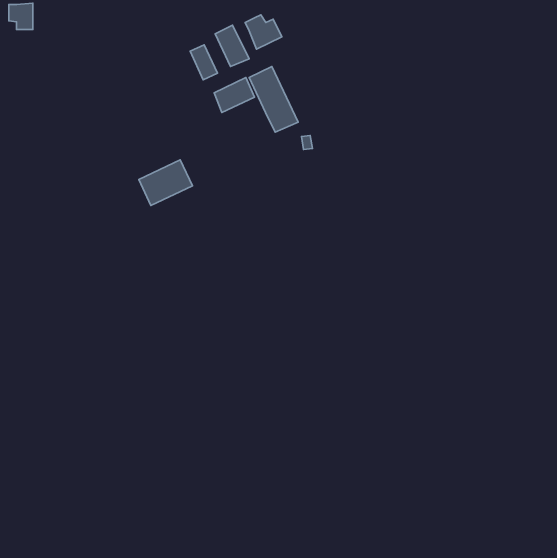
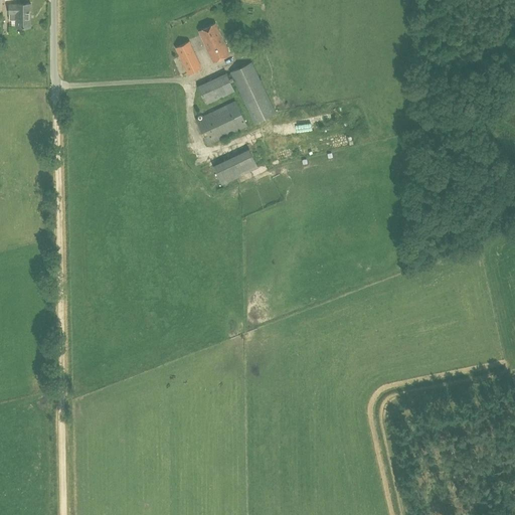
building: [245,15,282,49] -> none
building: [139,160,192,206] -> [196,101,245,143]
building: none -> [212,149,258,185]

